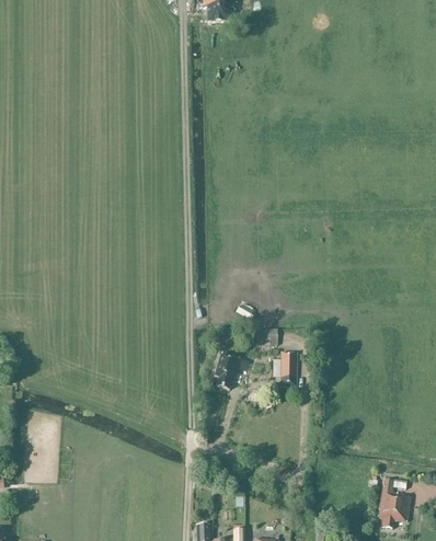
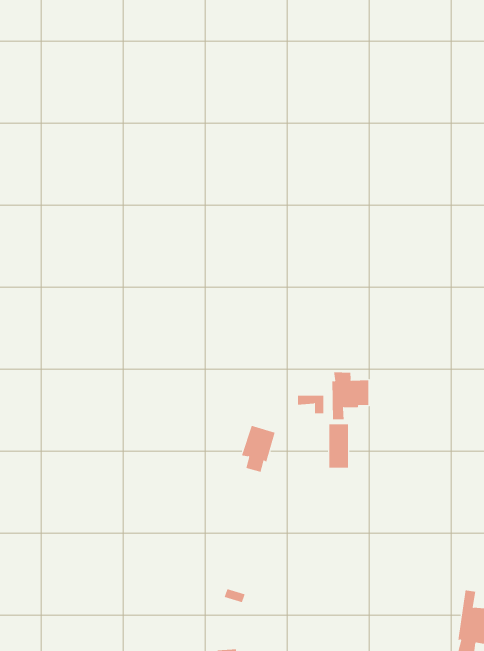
building: none -> [332,372,369,420]

